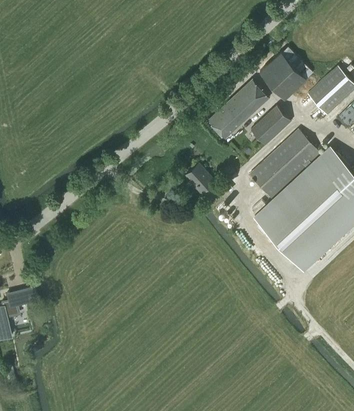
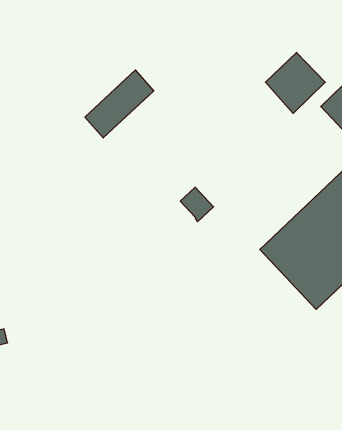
building: [208,81,268,140] -> [85,70,154,138]
building: [250,107,290,146] -> none
building: [250,131,320,199] -> none

